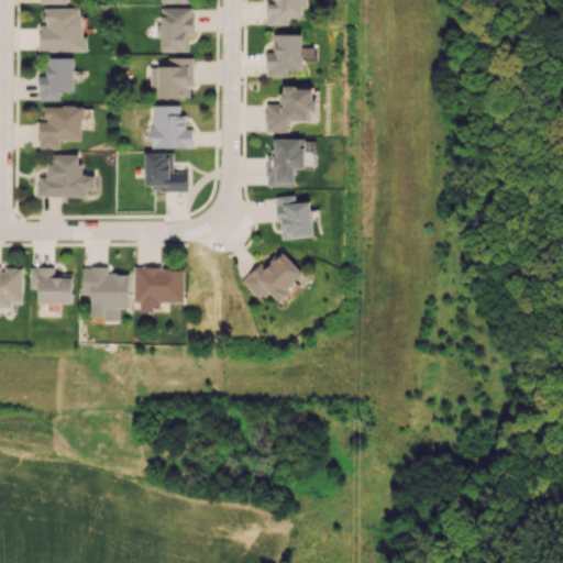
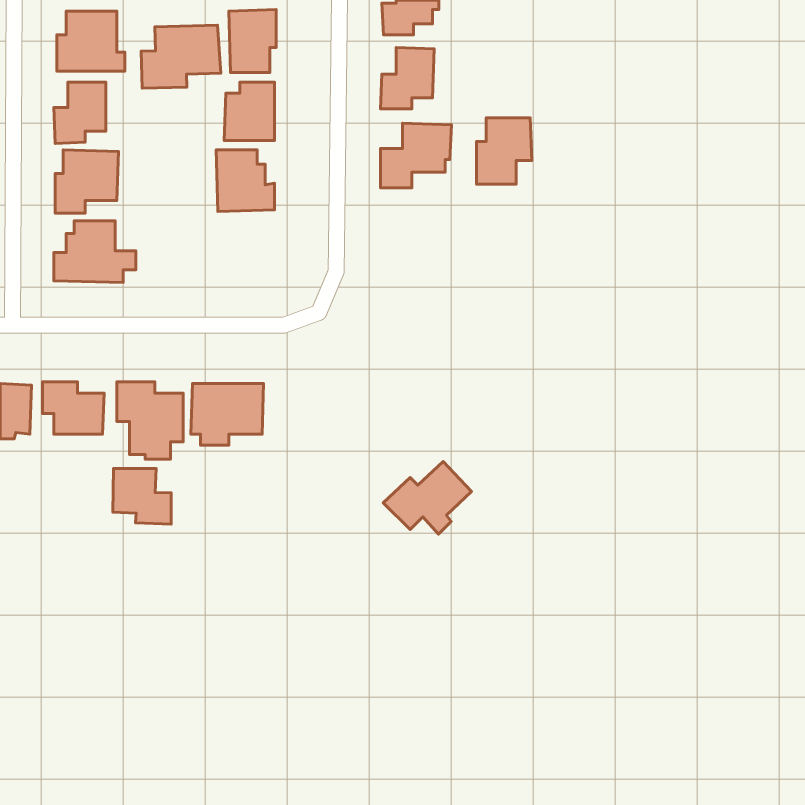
building: none -> [141,25,221,88]
building: [267,140,306,186] -> [477,118,532,184]
building: [144,153,188,190] -> none
building: [276,195,314,240] -> none
building: [242,253,303,303] -> [383,462,472,534]
building: none -> [113,468,171,524]

